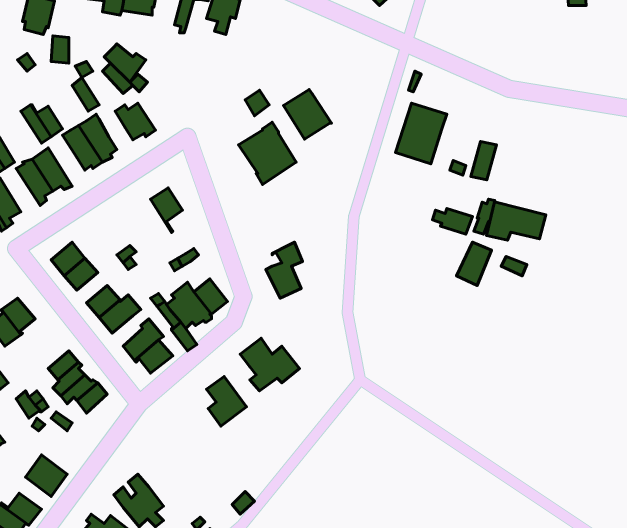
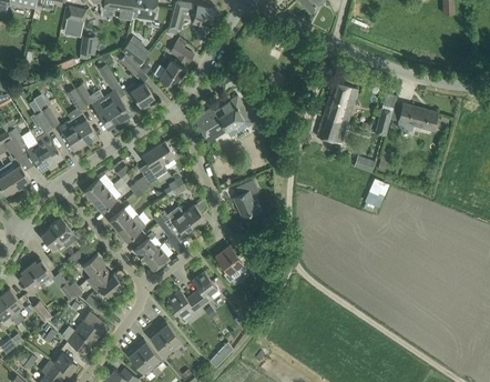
building: none -> [159,43,193,88]
building: [284,90,332,139] -> [193,108,226,142]
building: none -> [316,117,346,144]
building: none -> [140,149,166,184]
building: [487,202,546,240] -> [396,104,437,131]
building: none -> [166,290,201,316]
building: none -> [76,312,108,340]
building: none -> [147,322,183,359]

